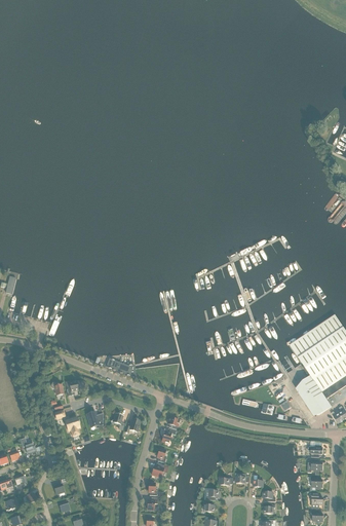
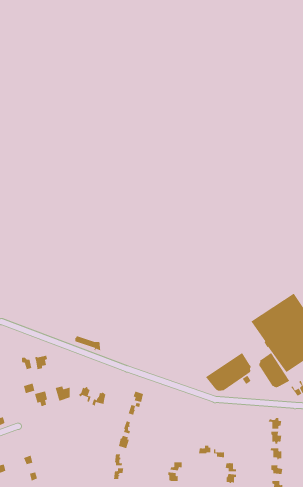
building: none -> [205,352,252,392]

